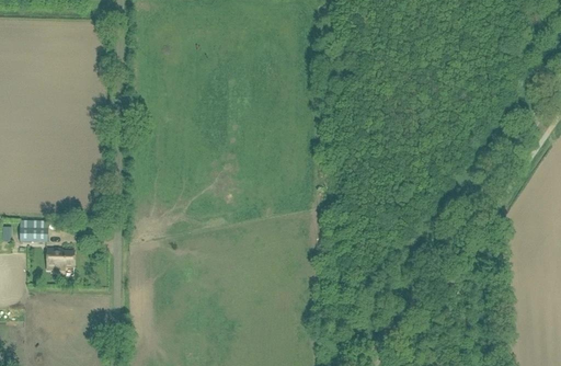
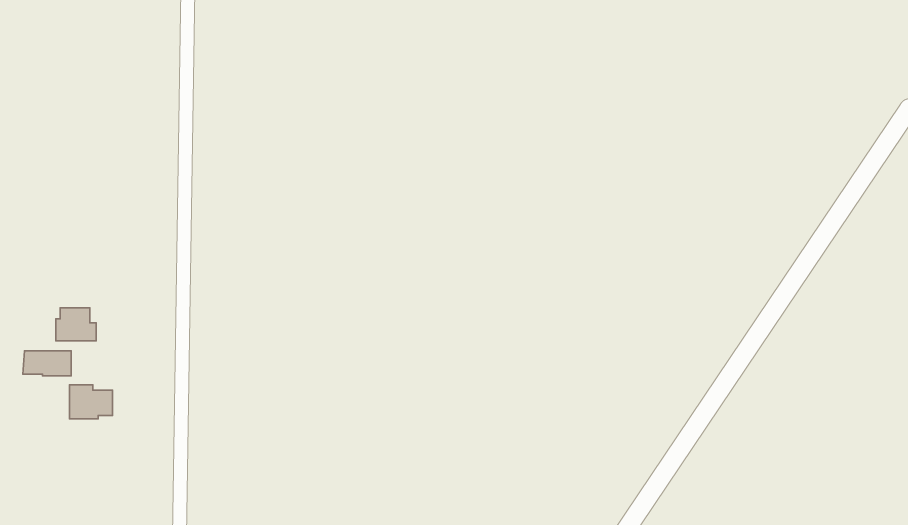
building: none -> [56,308,96,341]

